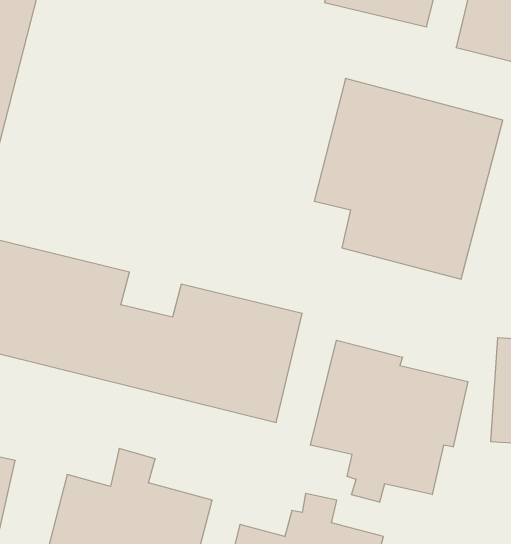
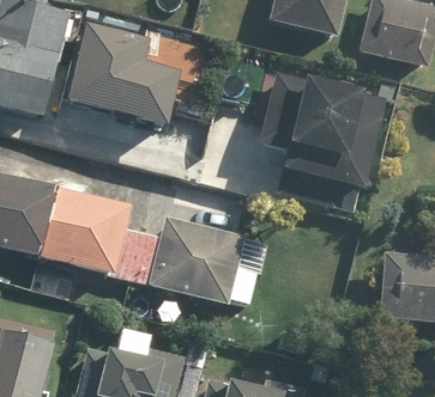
building: none -> [61,24,177,127]
building: [311,340,468,502] -> none

